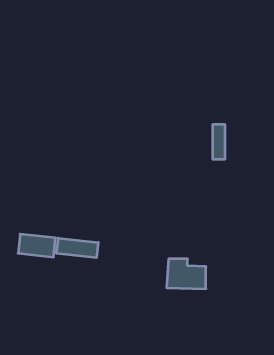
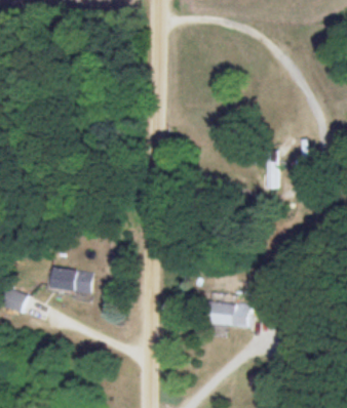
building: [57,238,98,258] -> none

